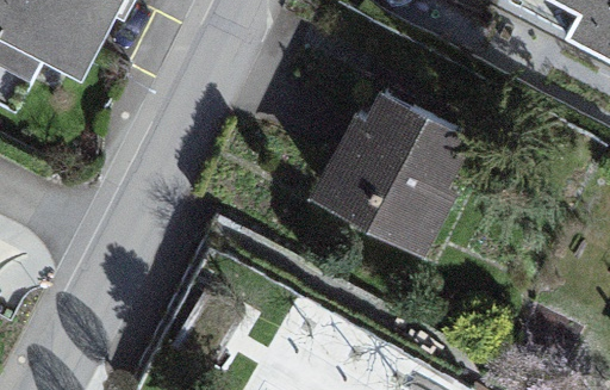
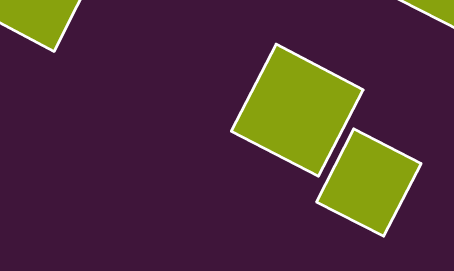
building: none -> [317,129,421,236]

